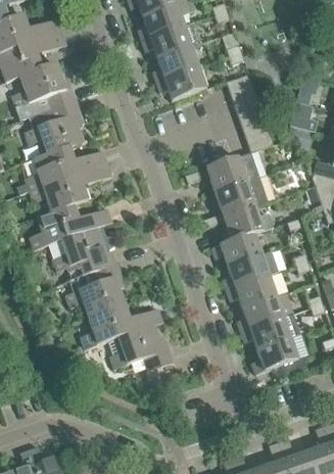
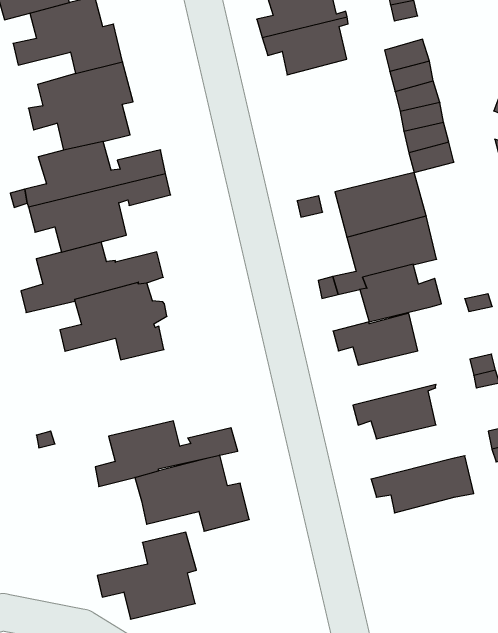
building: [225,250,281,289] -> none
building: [66,267,125,320] -> [97,532,196,619]
building: [239,292,289,331] -> none
building: [253,337,308,376] -> none

